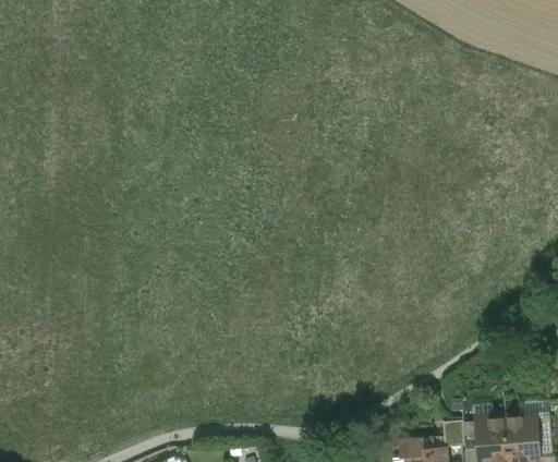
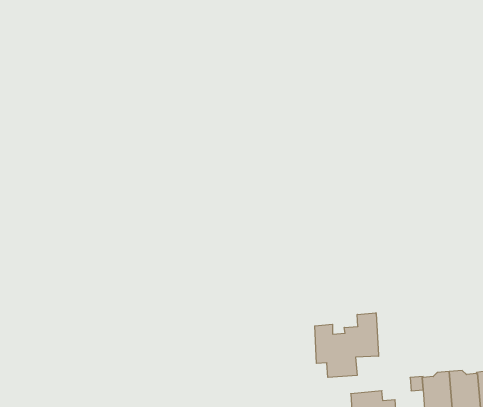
building: none -> [315,313,379,377]

